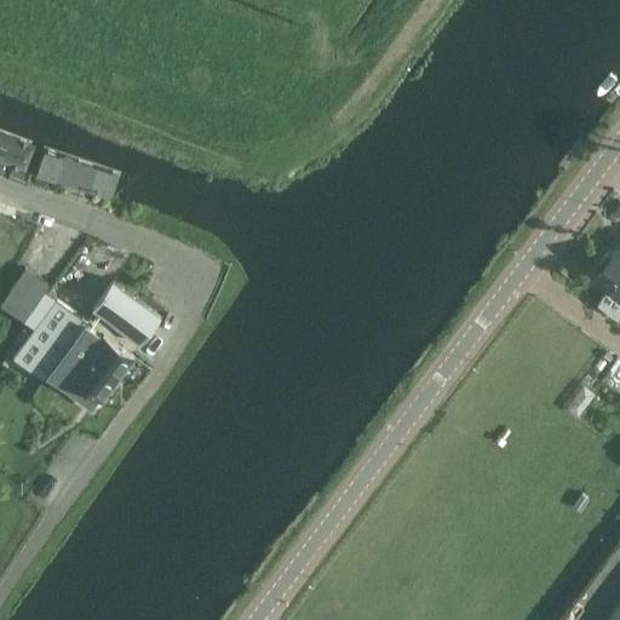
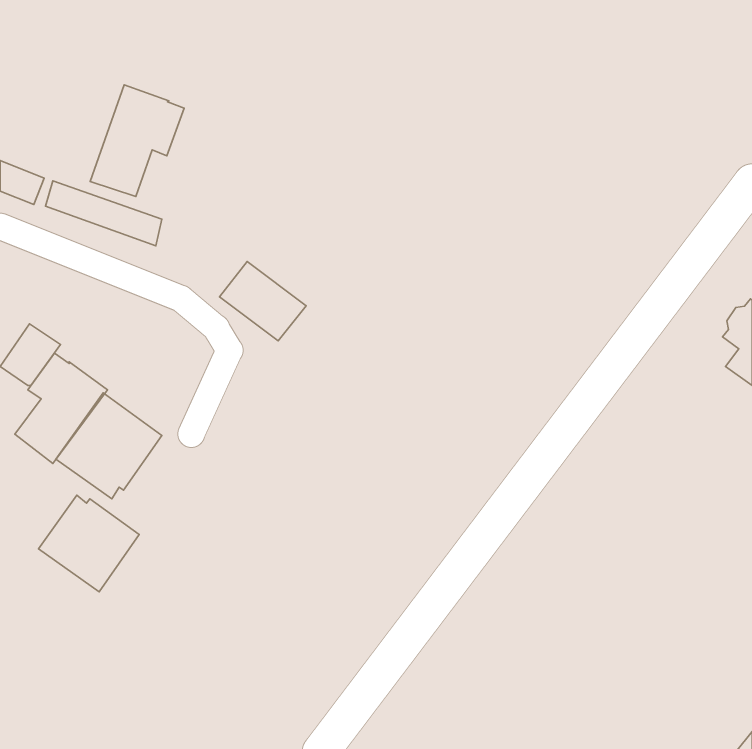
building: none -> [90,85,184,197]
building: [90,283,161,349] -> [219,262,306,341]
building: none -> [38,495,139,592]

